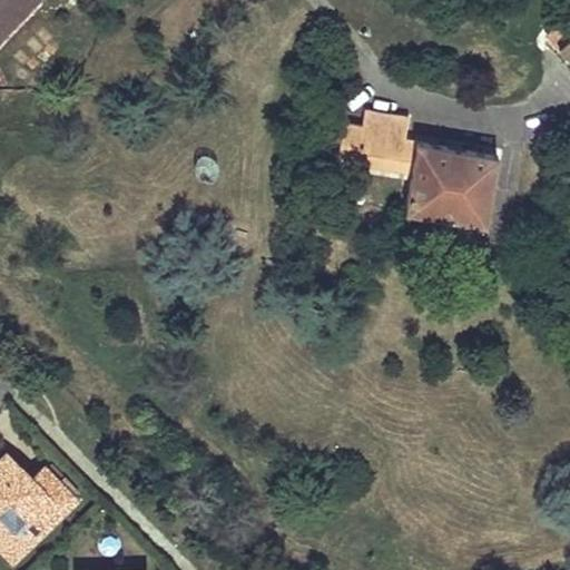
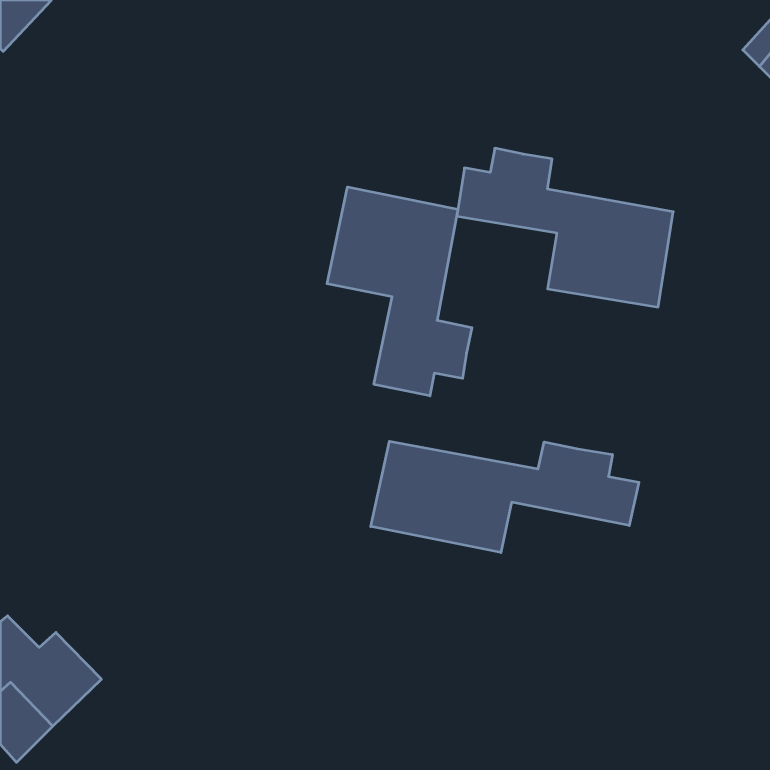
building: none -> [327,187,472,396]
building: none -> [371,441,639,553]

